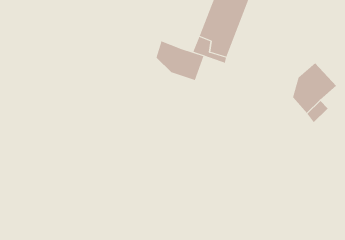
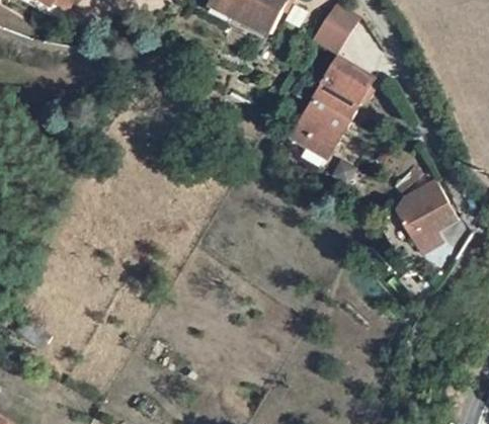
building: [156,41,204,81] -> none

